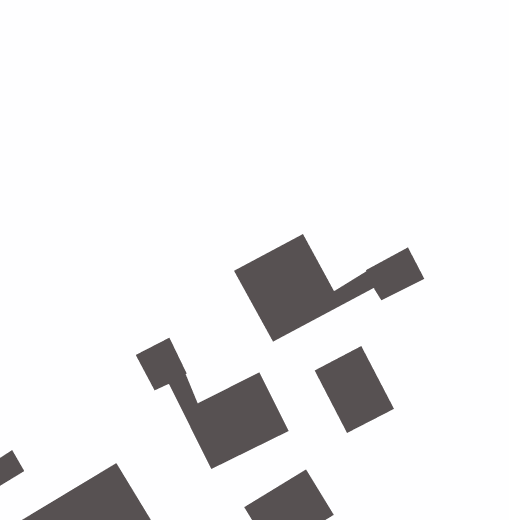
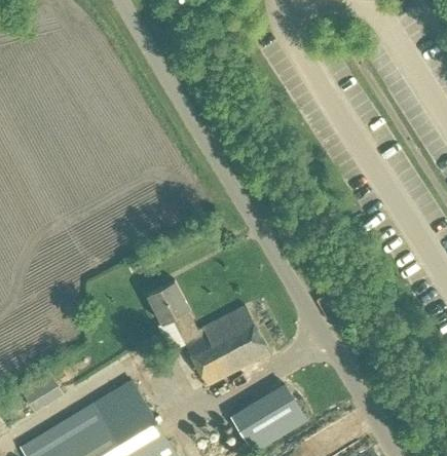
building: [233,233,425,342] -> none
building: [314,345,395,434] -> none

